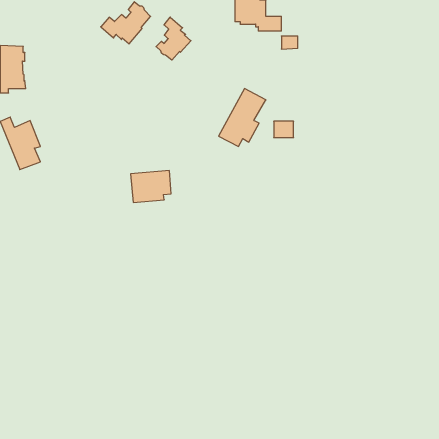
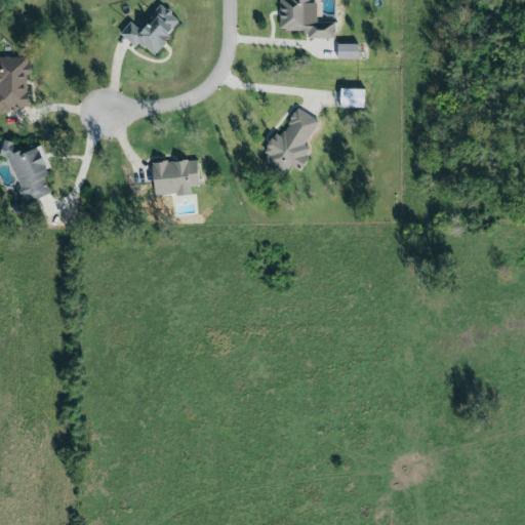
building: [156,17,191,60] -> none
building: [274,121,294,138] -> [338,87,362,107]
building: [131,171,171,202] -> [150,158,198,196]

